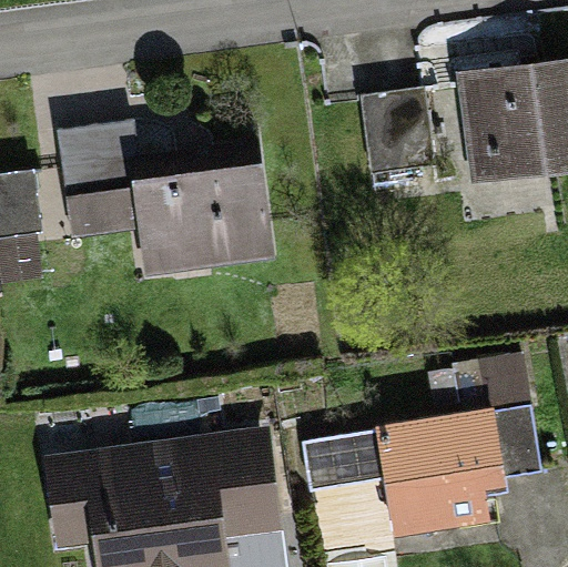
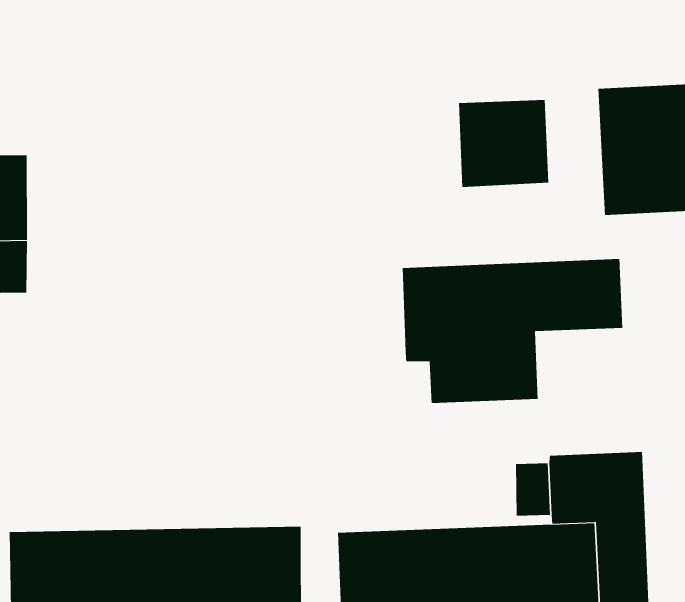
building: [63,118,276,274] -> none
building: none -> [402,258,623,404]

